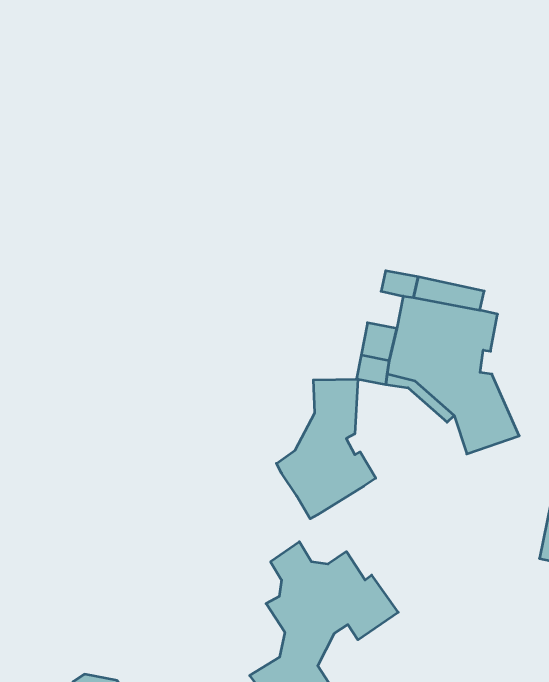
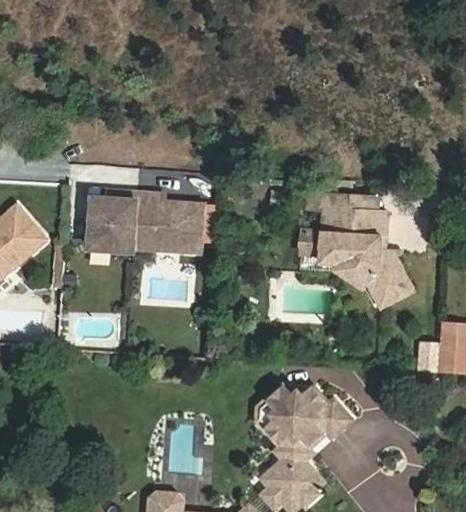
building: none -> [88,191,200,251]
building: [276,379,376,519] -> none

